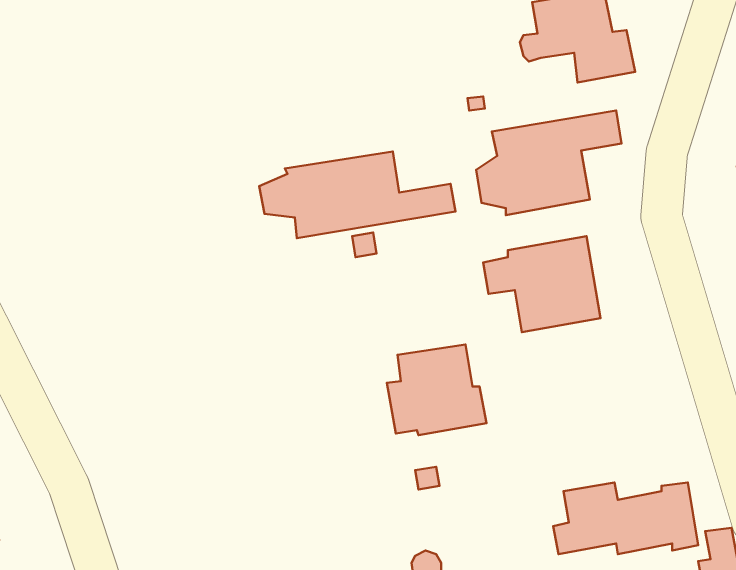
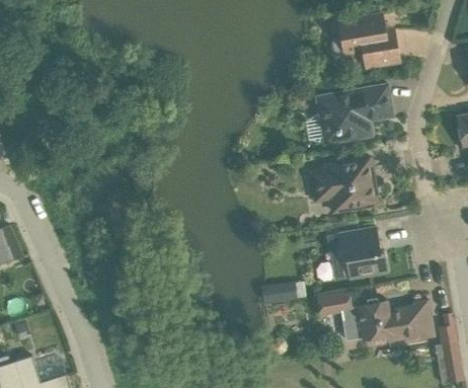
building: [259,151,456,238] -> none
building: [387,345,487,435] -> [330,227,388,280]
building: none -> [317,291,350,314]

